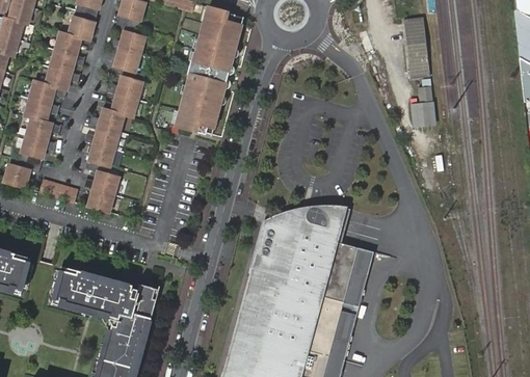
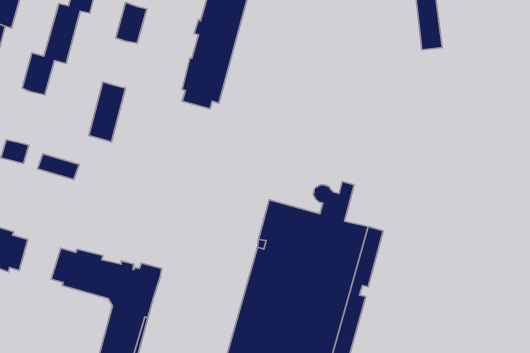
building: [112,74,142,116] -> none
building: [413,84,435,124] -> none
building: [22,117,52,159] -> none
building: [87,170,118,212] -> none
building: [263,205,334,236] -> none

